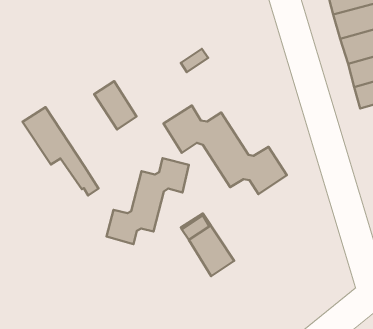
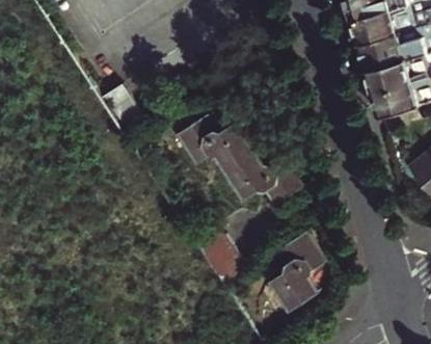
building: [22,107,99,195] -> none
building: [107,158,189,244] -> none
building: none -> [270,228,325,307]

